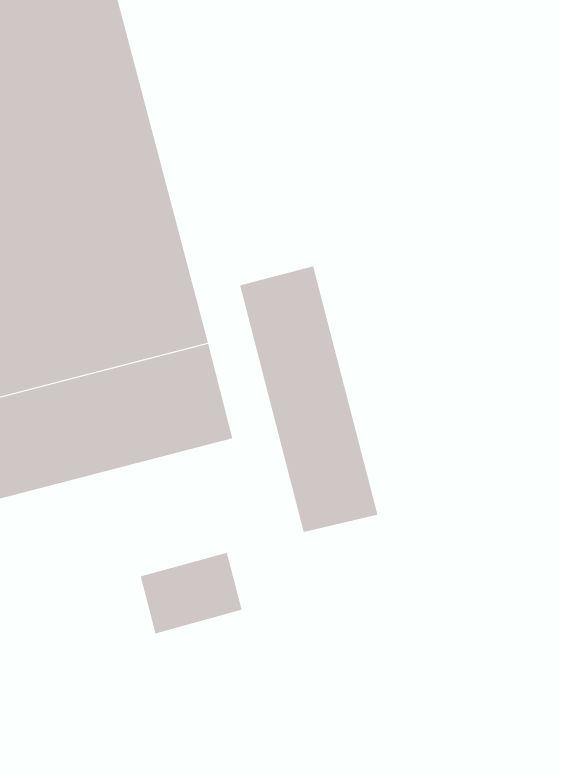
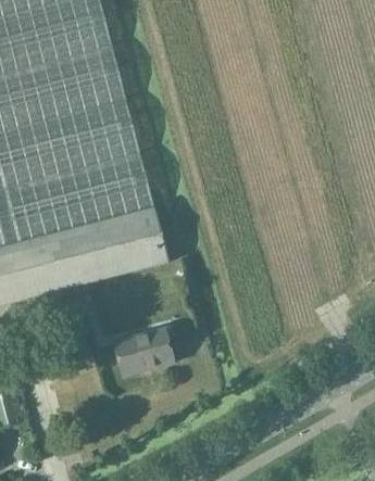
building: [240,265,378,533] -> none

